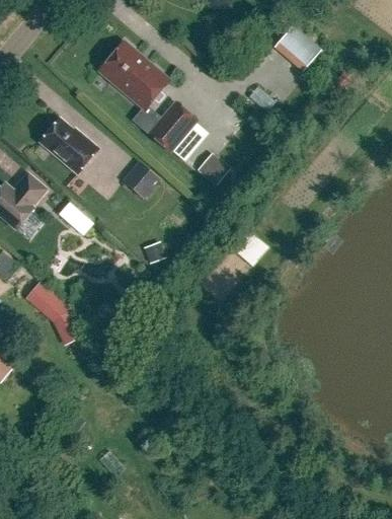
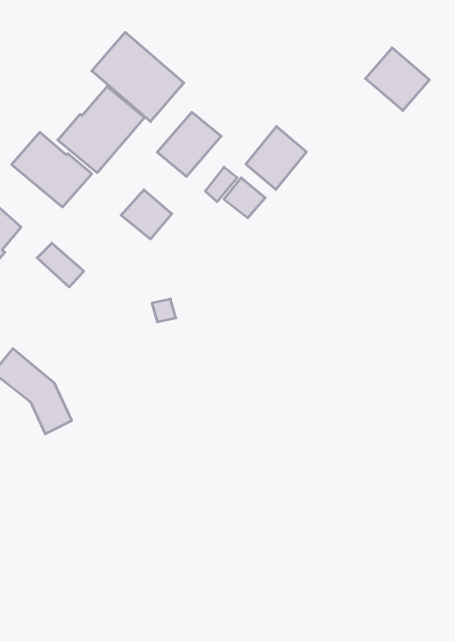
building: [273,22,322,70] -> [365,48,429,111]
building: none -> [58,86,145,173]
building: none -> [246,126,306,190]

